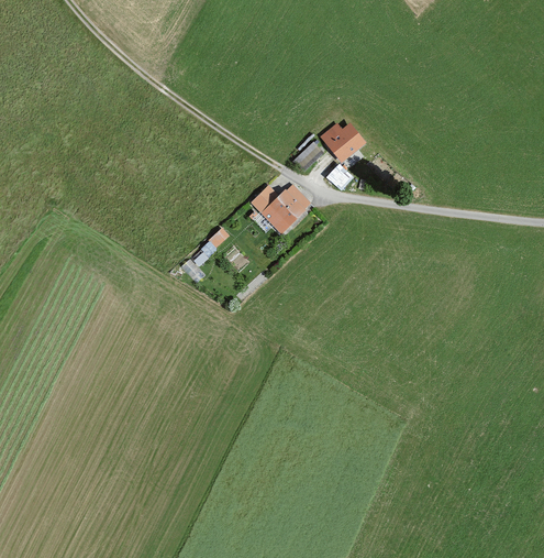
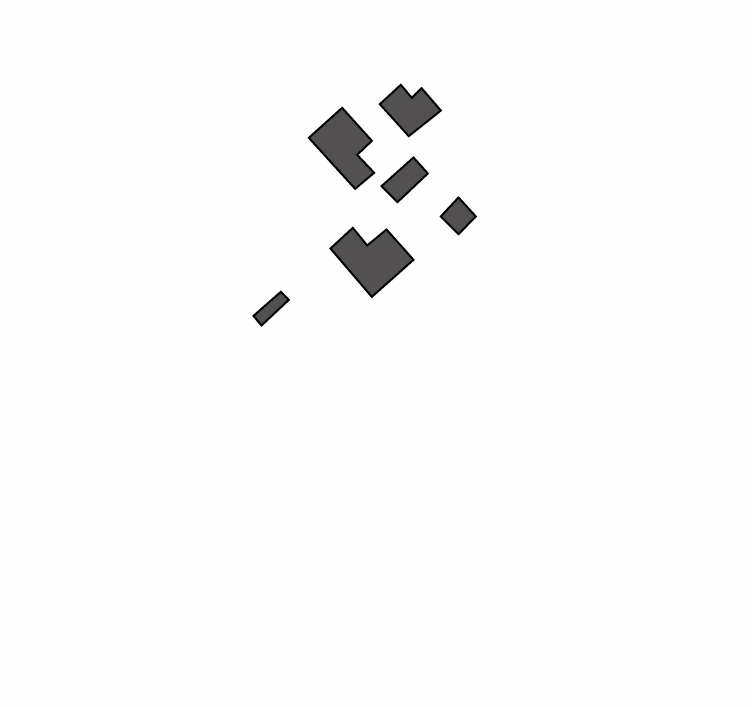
building: none -> [309,108,374,189]
building: [322,124,364,160] -> [380,85,441,136]

